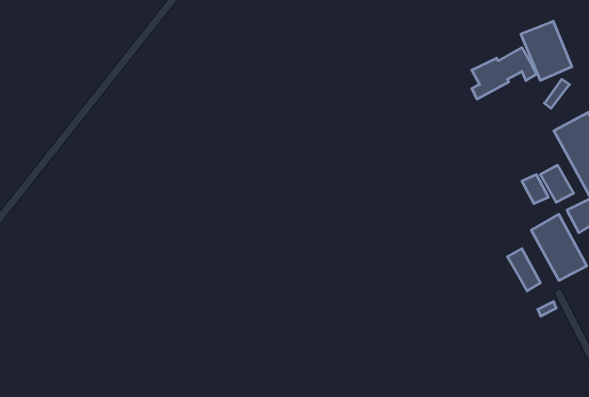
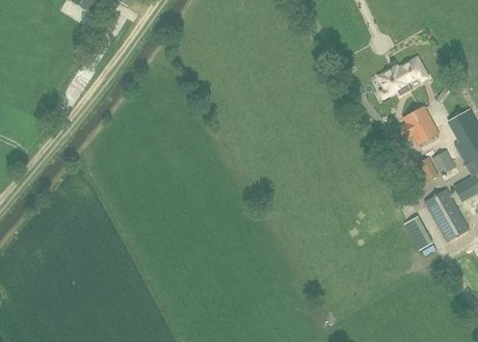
building: [521,21,572,80] -> none
building: none -> [397,105,437,142]

